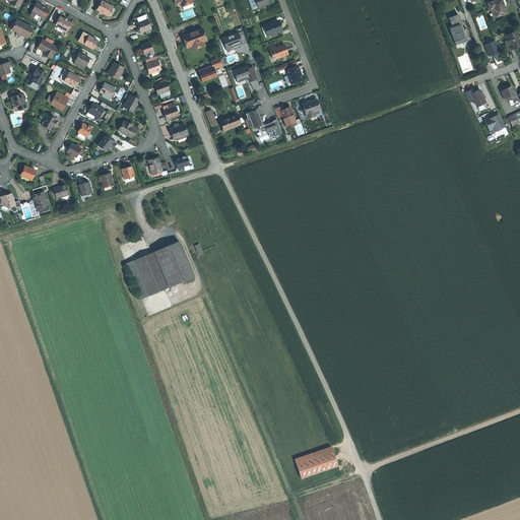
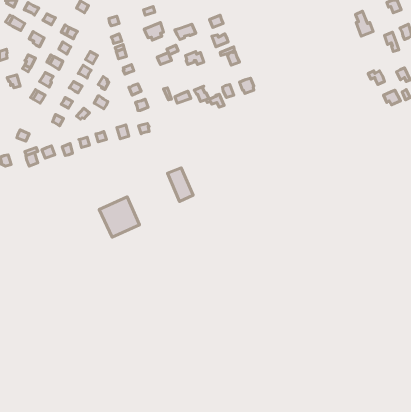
building: [160,241,193,283] -> [168,168,193,202]
building: [294,446,336,477] -> none

